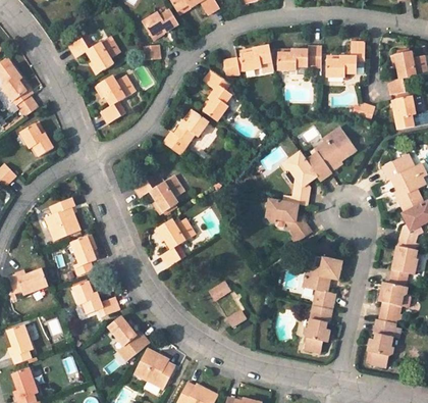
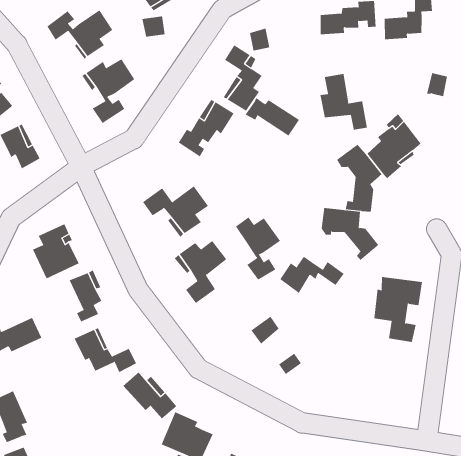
building: [238,44,272,71] -> none
building: none -> [320,73,367,131]
building: none -> [245,97,300,136]
building: none -> [235,217,281,280]
building: none -> [280,256,345,294]
building: [304,303,331,352] -> none

